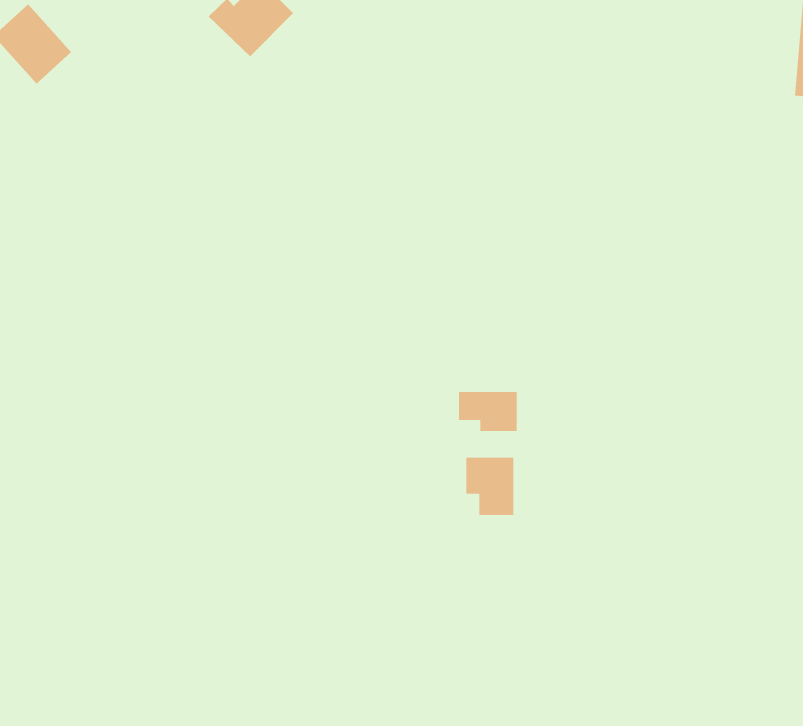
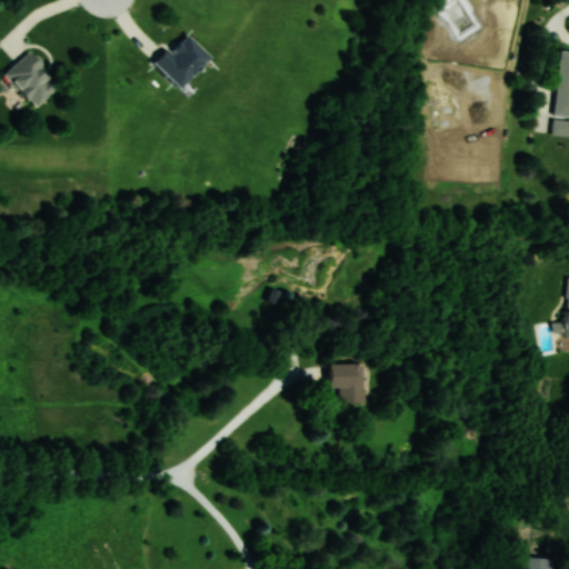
building: [459,391,517,432] -> none

